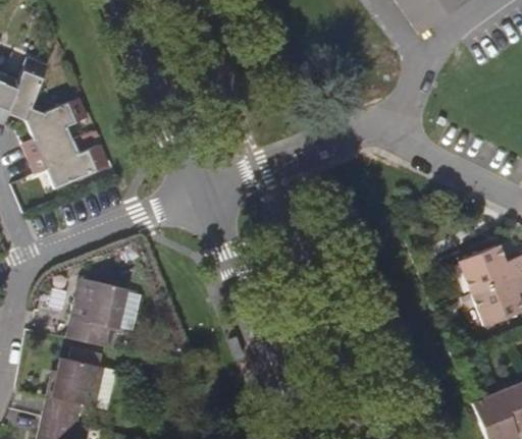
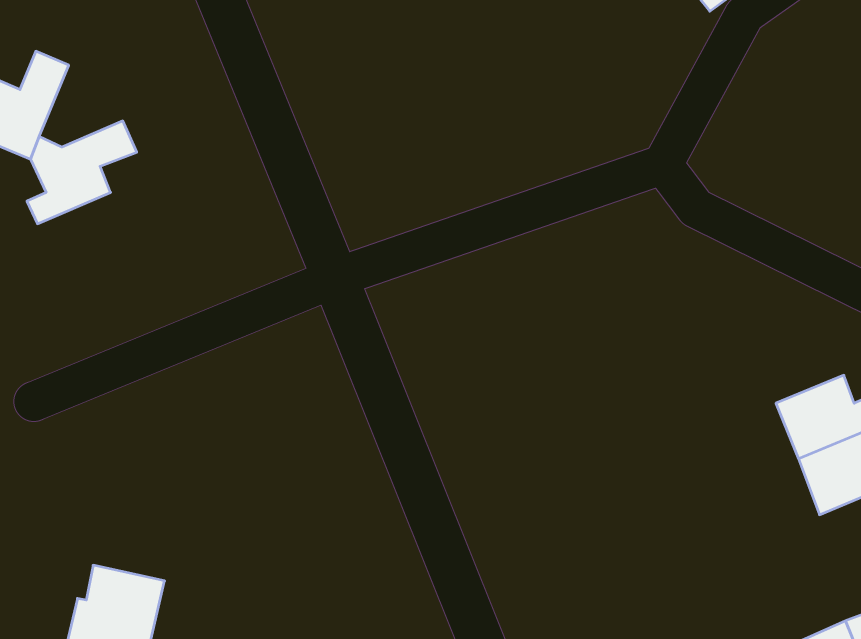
building: [28,139,106,184] -> none
building: [66,278,140,344] -> none

